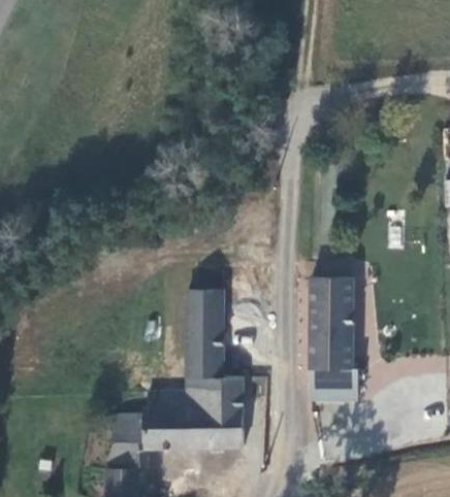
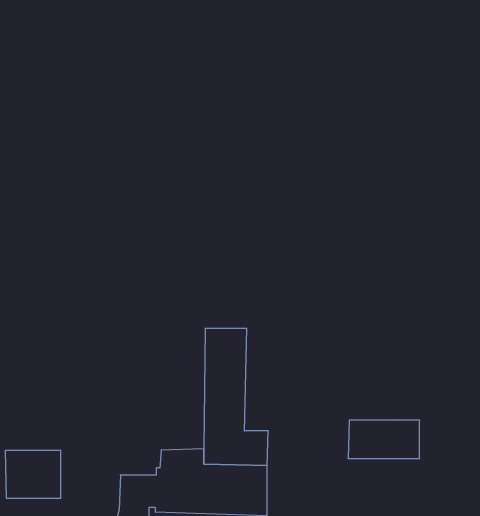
building: [309,280,353,368] -> none
building: none -> [5,450,61,498]

